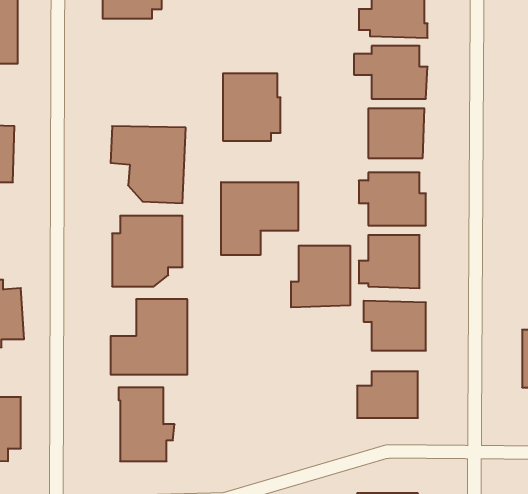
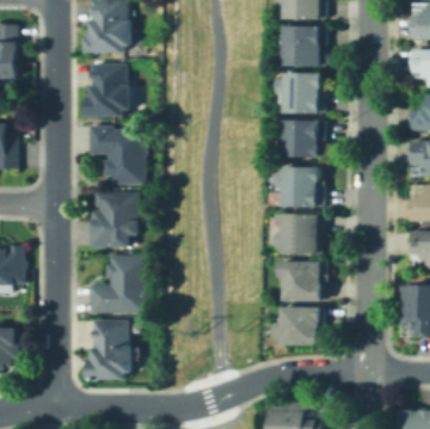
building: [223,73,281,141] -> [91,68,134,118]
building: [221,182,298,255] -> none
building: [291,246,350,307] -> none

